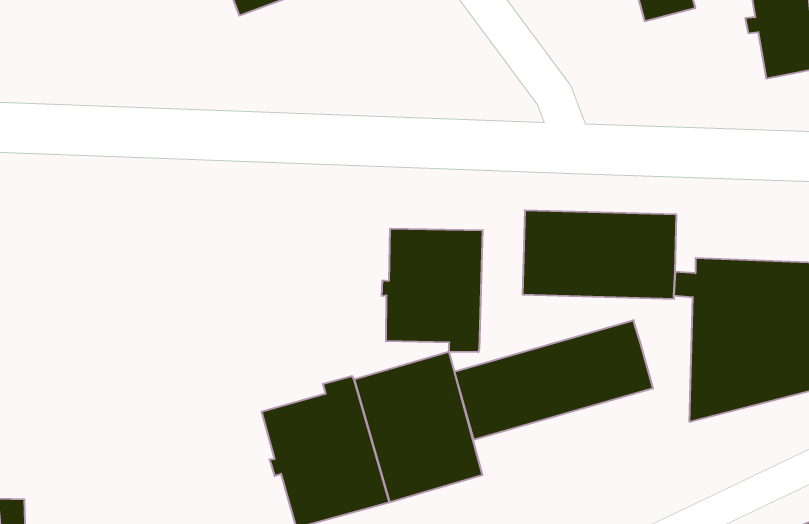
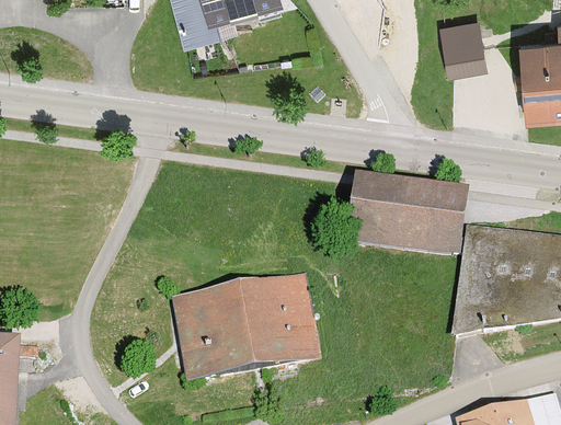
building: [382,229,483,352] -> none
building: [454,320,653,440] -> none

